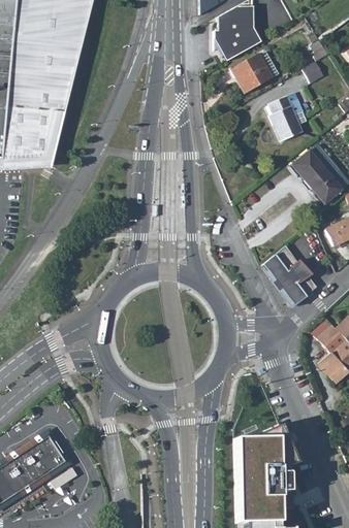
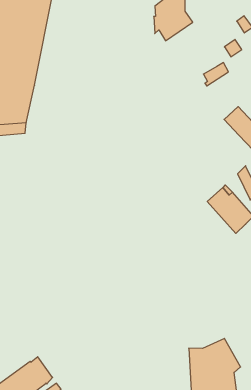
building: [229,54,279,96] -> none
building: [272,105,308,143] -> none

